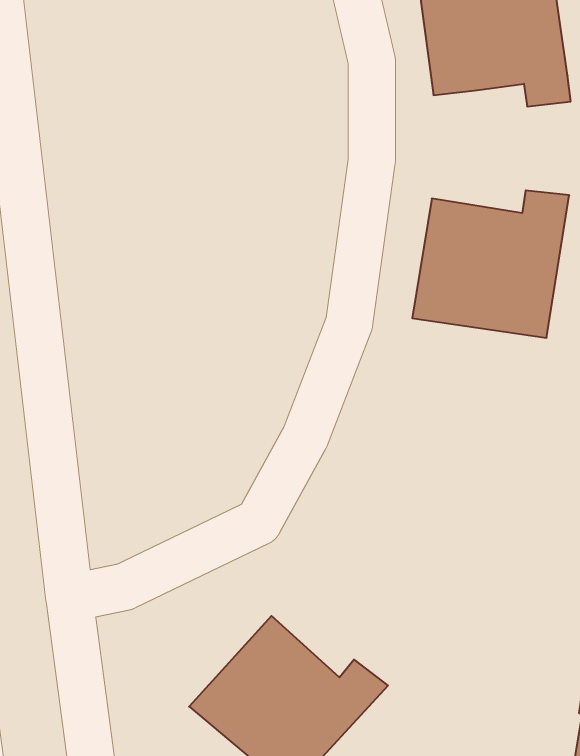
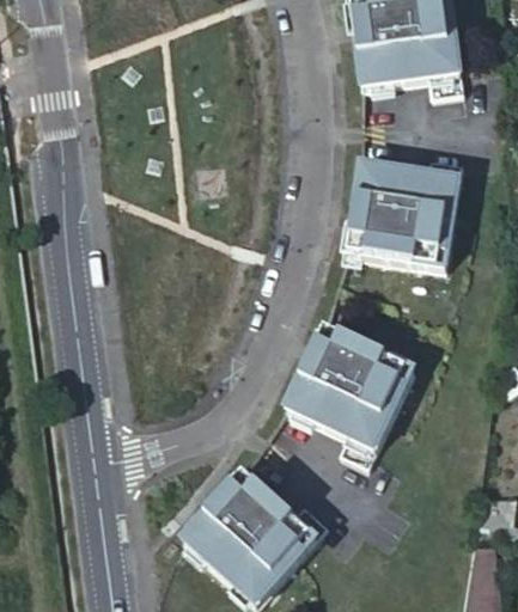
building: none -> [286,325,415,464]

